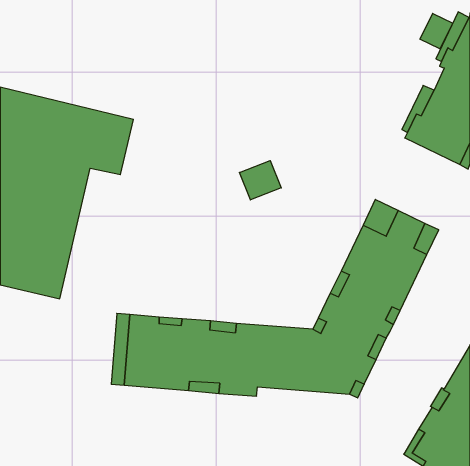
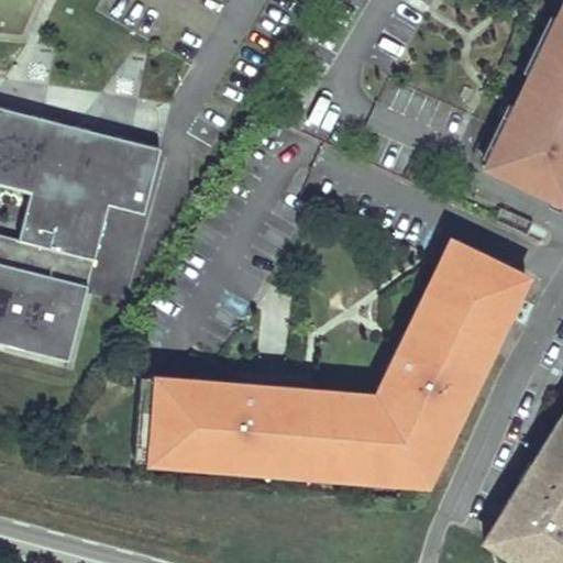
building: [420,13,453,49] -> none
building: [239,161,281,200] -> none

